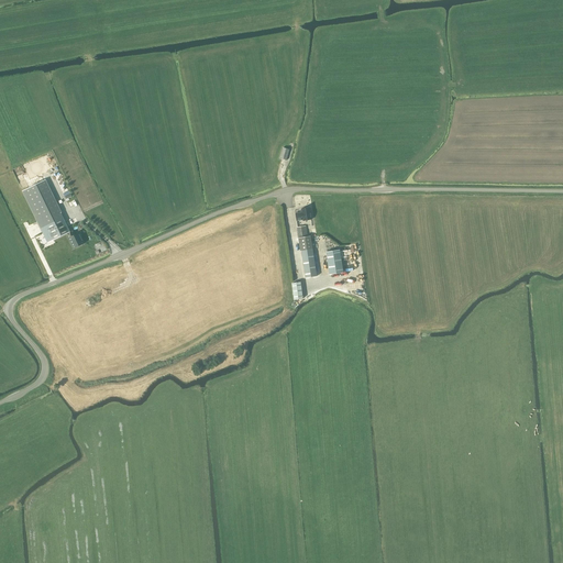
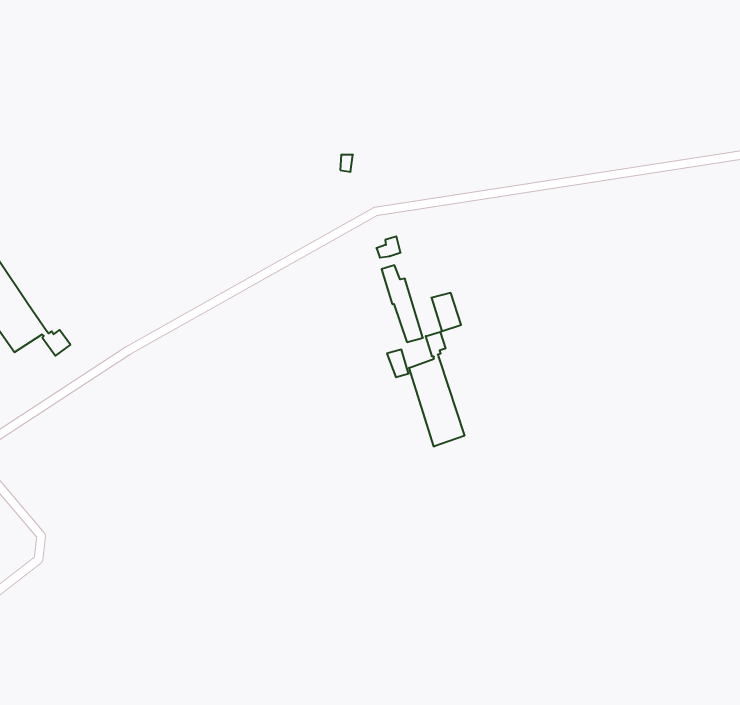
building: none -> [409,332,464,447]

